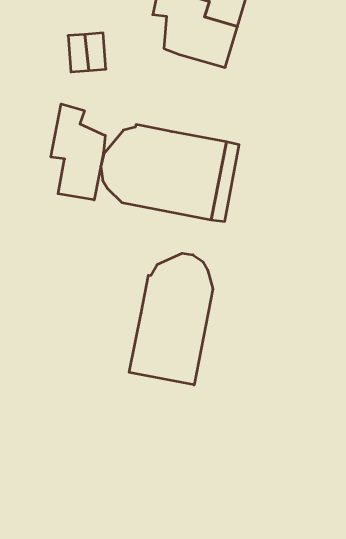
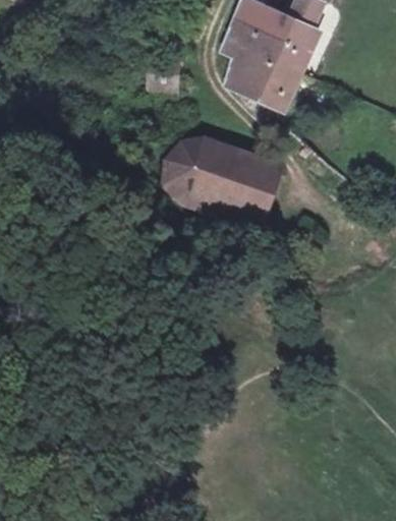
building: [51,104,105,200] -> none
building: [129,253,213,385] -> none

